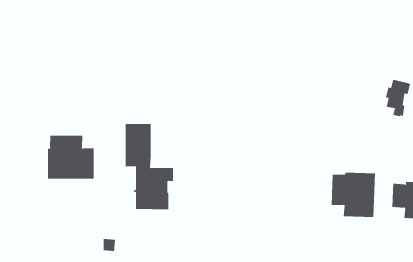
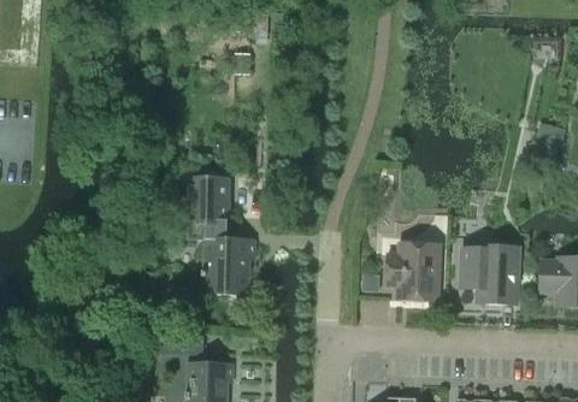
building: [48,135,94,180] -> none
building: none -> [385,242,440,302]

